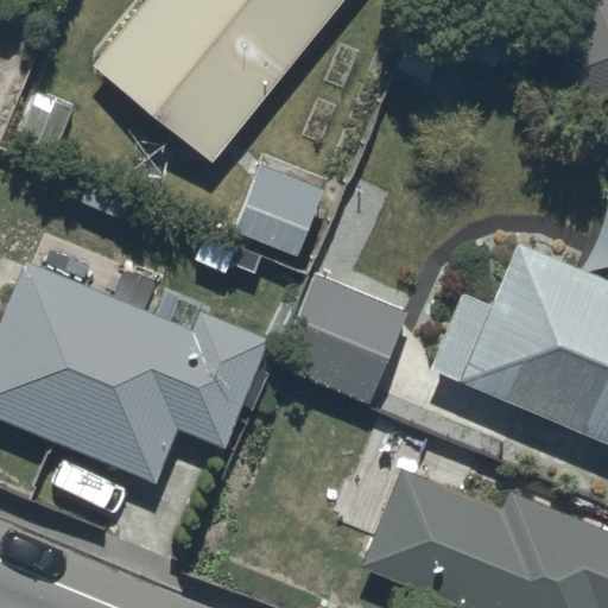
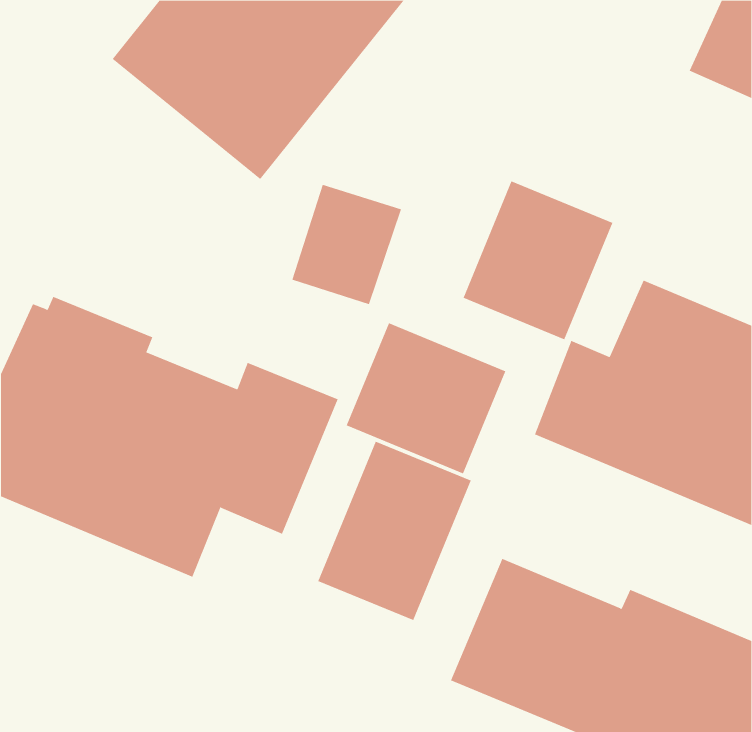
building: none -> [463,180,613,340]
building: none -> [318,441,471,621]

